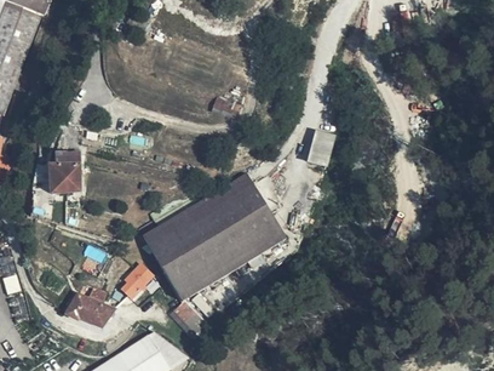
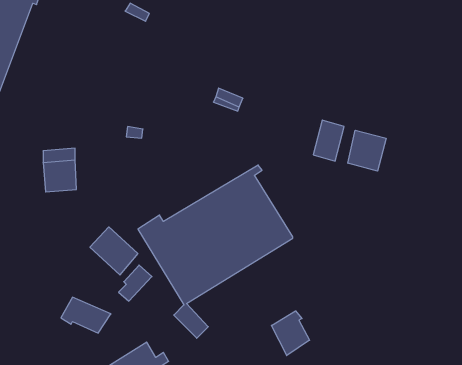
building: none -> [348,130,386,171]
building: none -> [90,227,138,275]
building: none -> [271,311,310,356]

